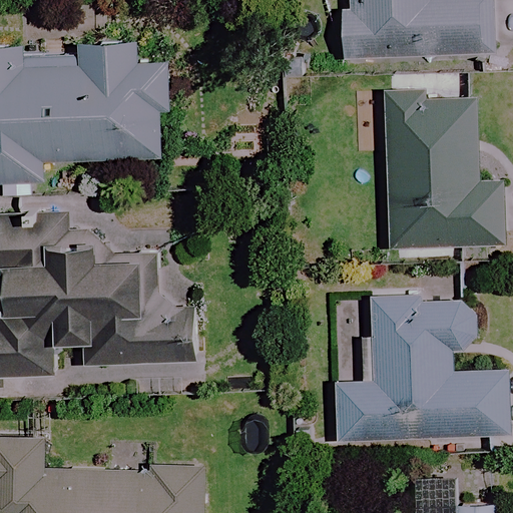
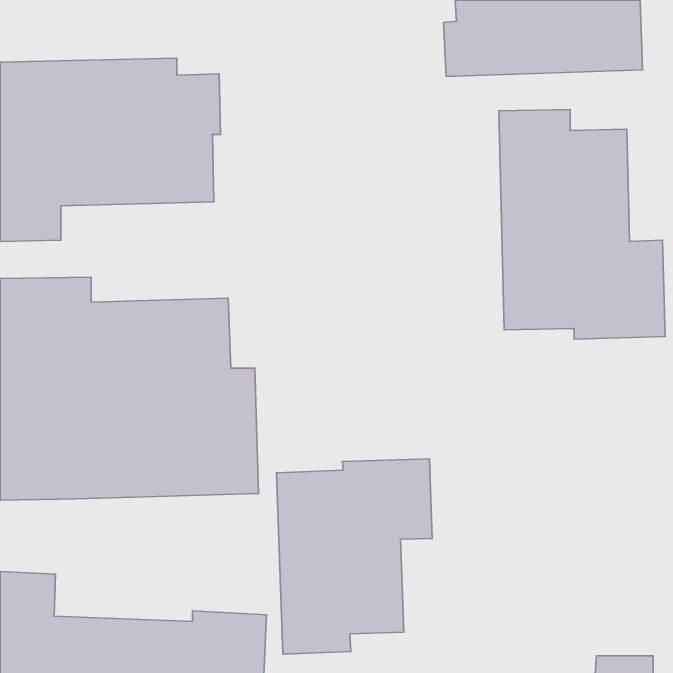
building: [333,287,506,442] -> none
building: none -> [277,459,432,654]

